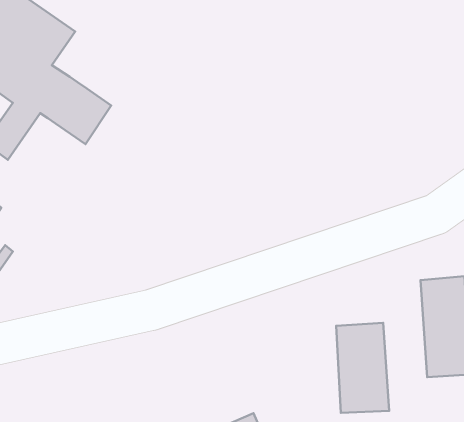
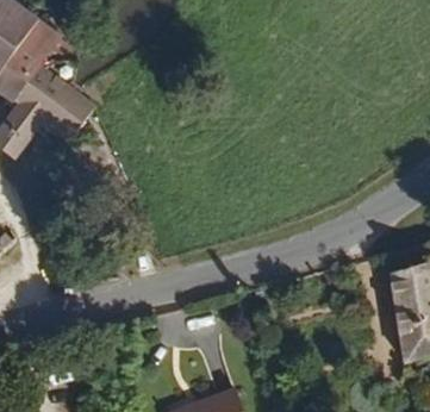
building: [336,323,389,413] -> none

